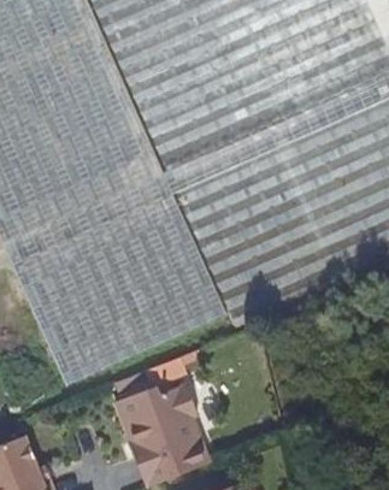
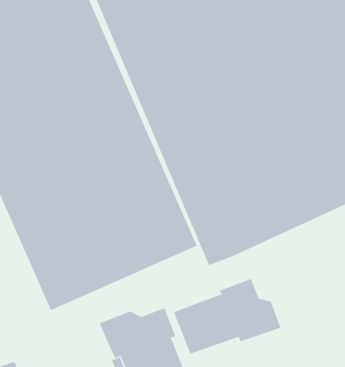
building: none -> [173,278,281,355]

